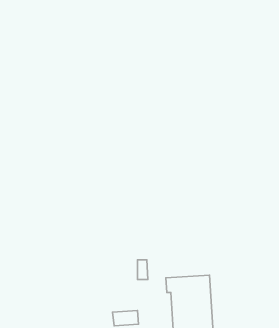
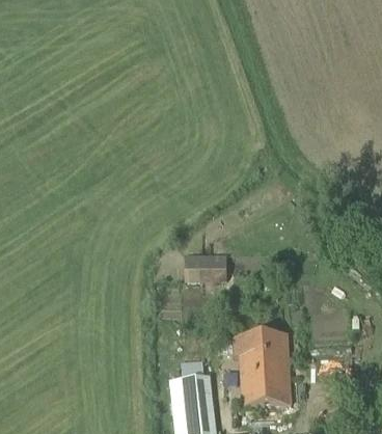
building: none -> [185,253,227,282]

